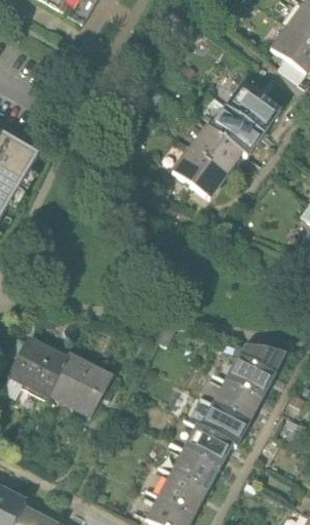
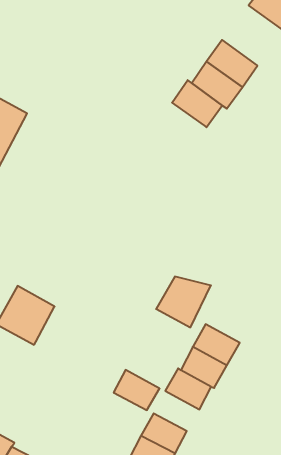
building: [175,145,227,193] -> none
building: [226,342,283,396] -> [156,277,211,327]
building: [48,354,111,417] -> none
building: [171,446,220,488] -> [114,370,160,410]

